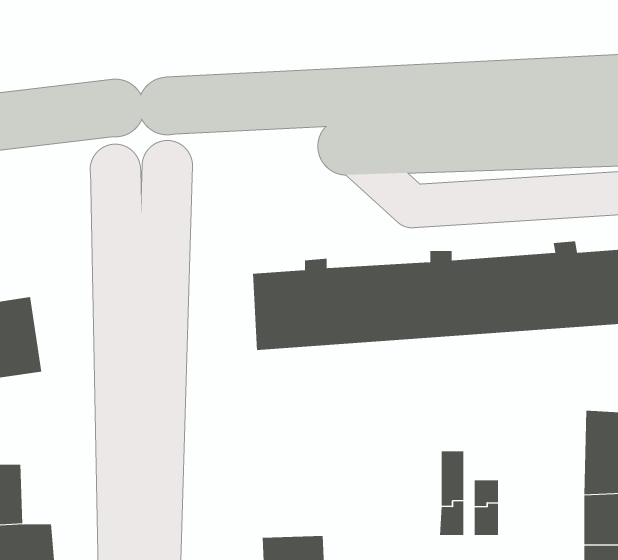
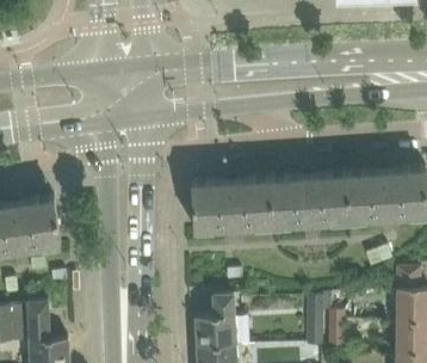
building: none -> [196,295,235,347]

